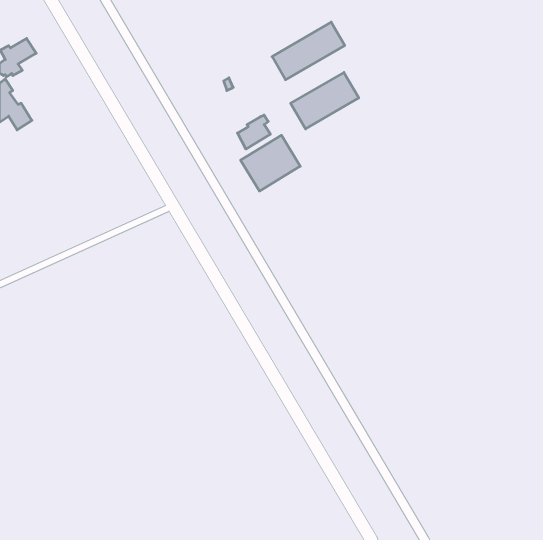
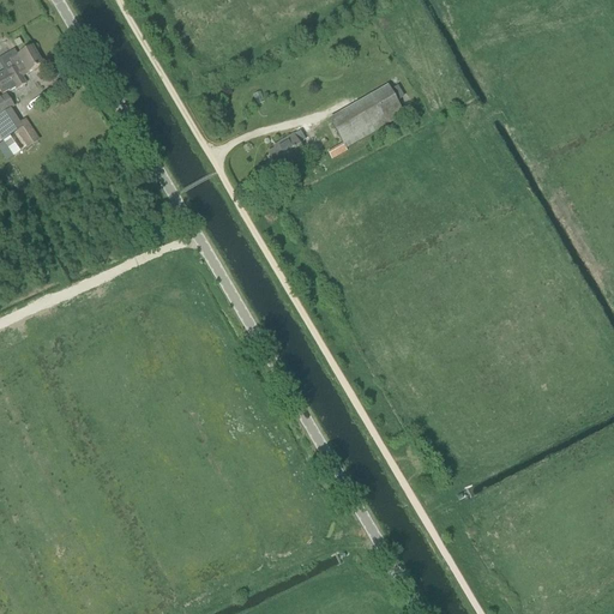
building: [272,22,345,80] -> none
building: [241,135,300,191] -> none

